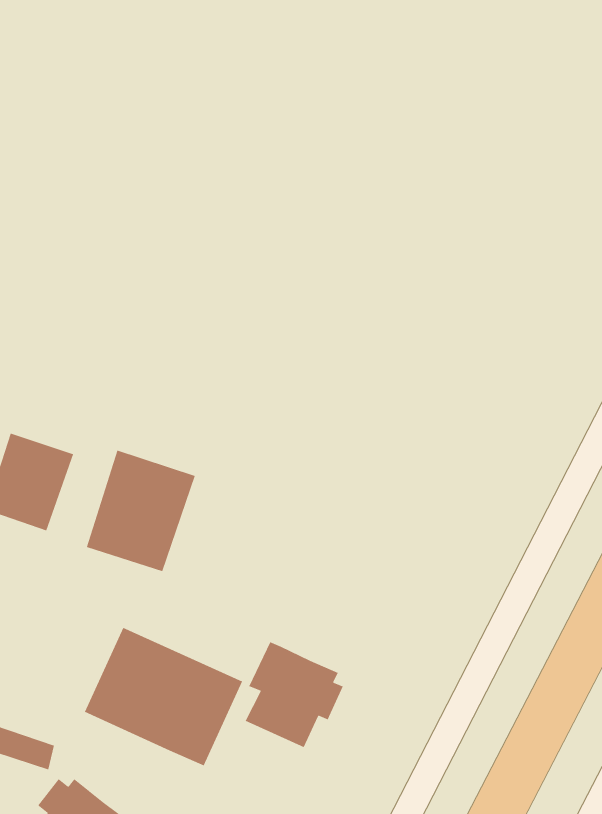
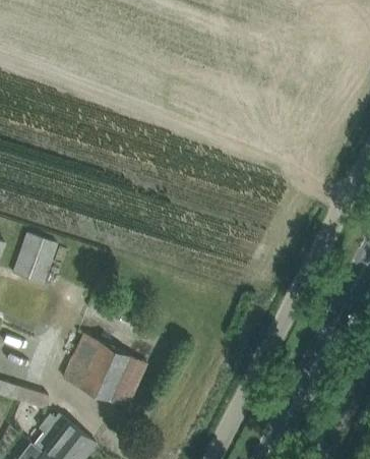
building: [86,449,196,572] -> none
building: [245,641,344,748] -> none

